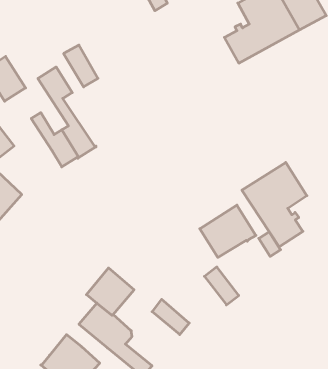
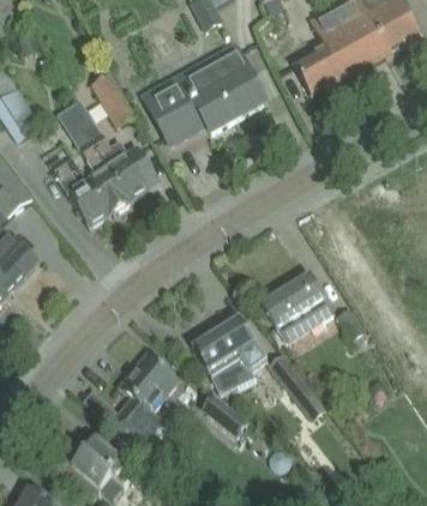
building: none -> [142,43,267,146]
building: none -> [90,131,160,199]
building: [242,162,307,247] -> none
building: none -> [193,317,267,390]

